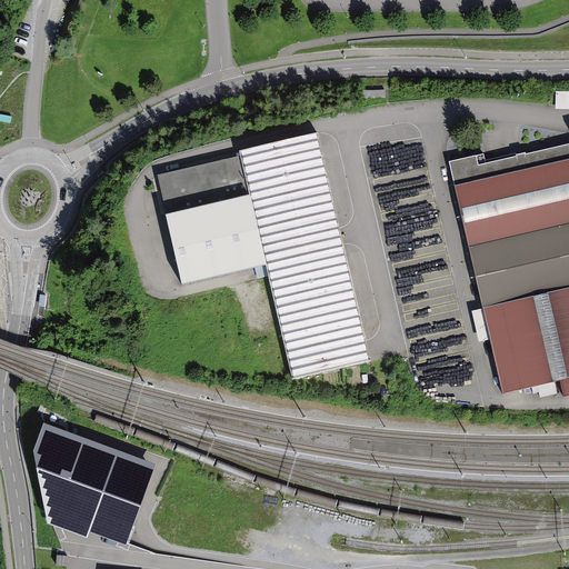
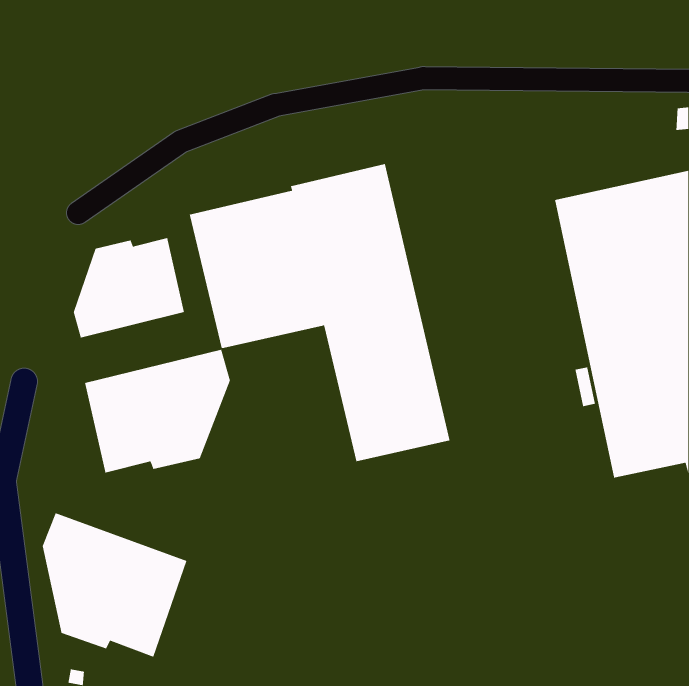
building: none -> [73,237,185,338]
building: none -> [84,349,231,474]

